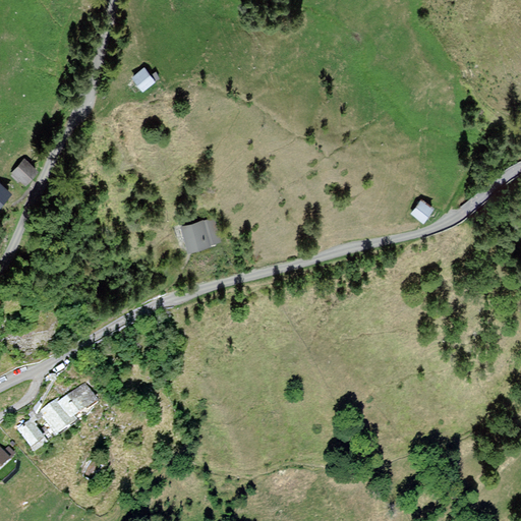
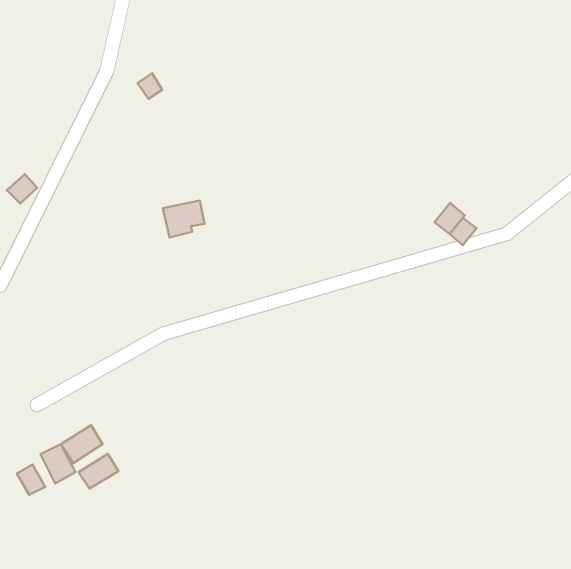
building: none -> [435,203,465,234]
building: [182,218,220,251] -> [163,200,204,237]
building: none -> [78,454,119,489]

